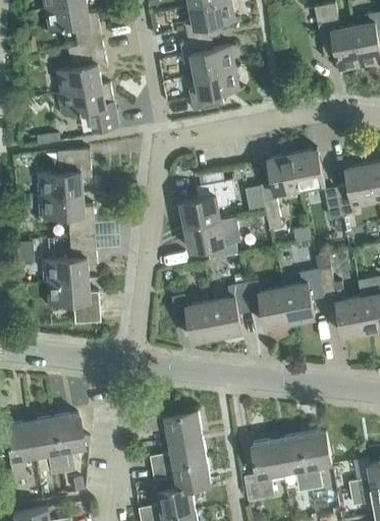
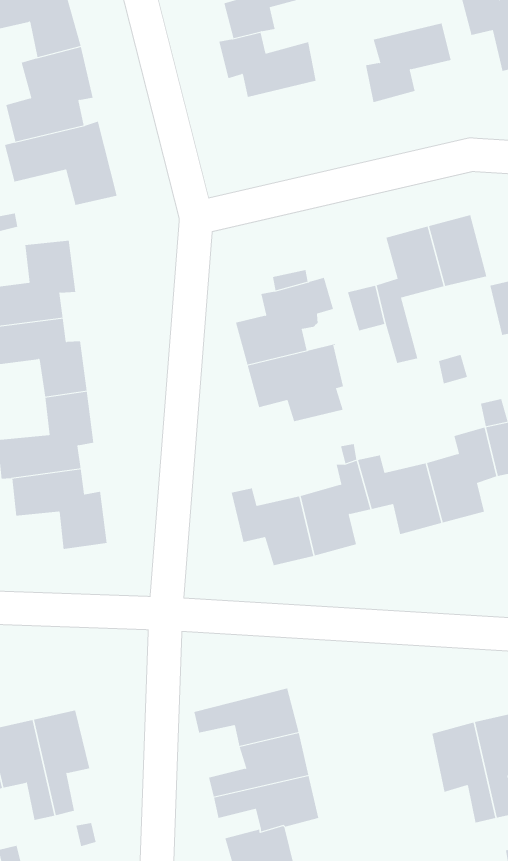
building: [188,68,237,111] -> [365,23,452,103]
building: [243,440,281,501] -> none

